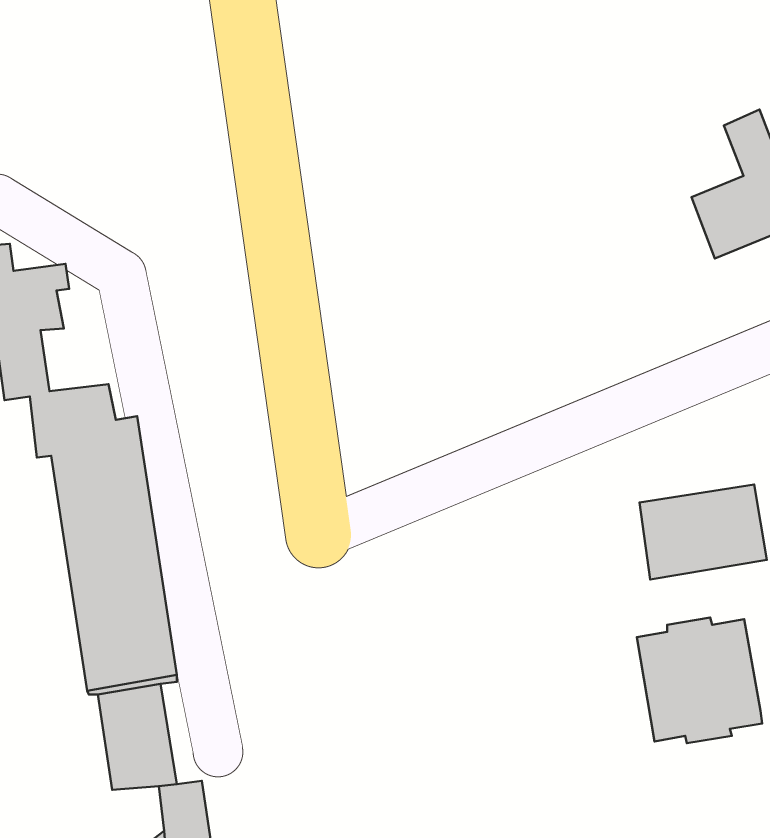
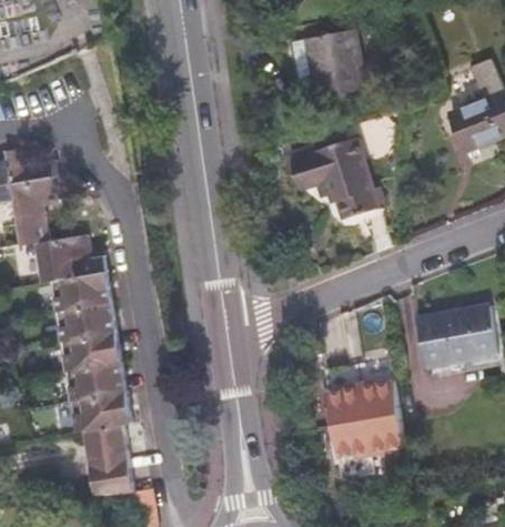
building: none -> [305,27,363,94]
building: none -> [296,136,381,219]
building: [637,617,762,743] -> [323,379,401,457]

